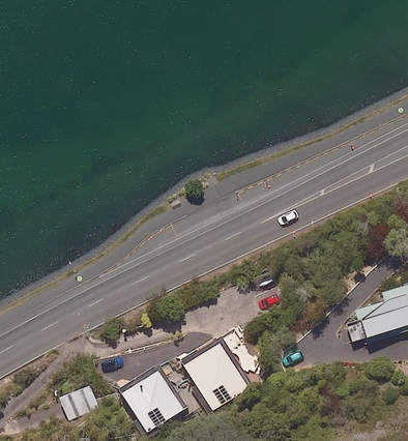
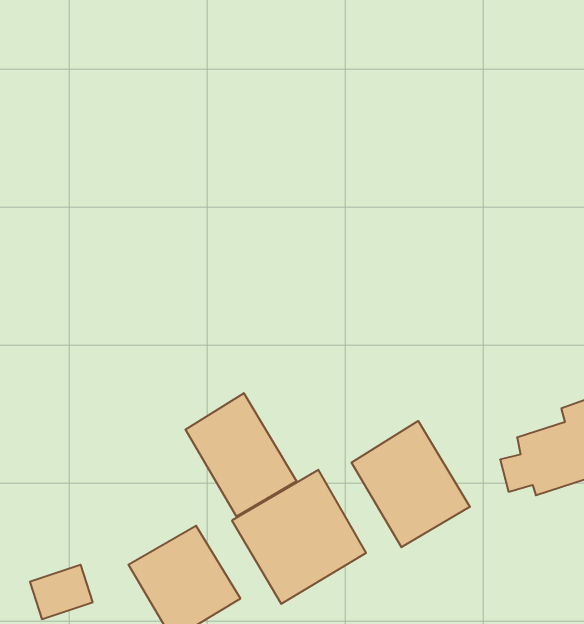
building: none -> [185,393,296,516]
building: none -> [352,421,470,547]

